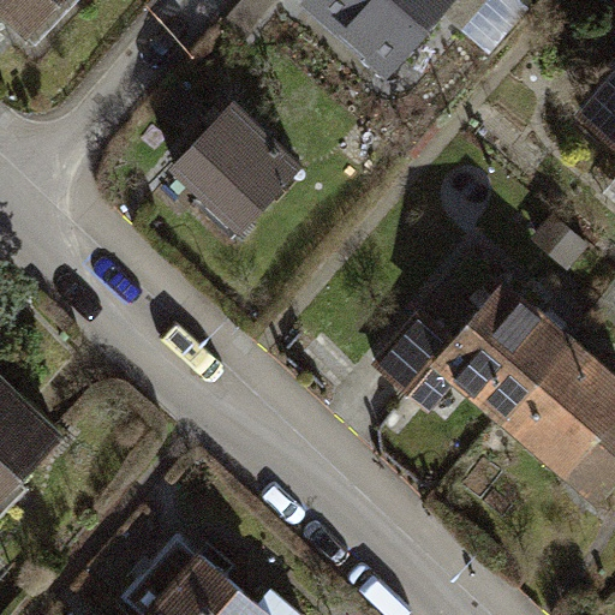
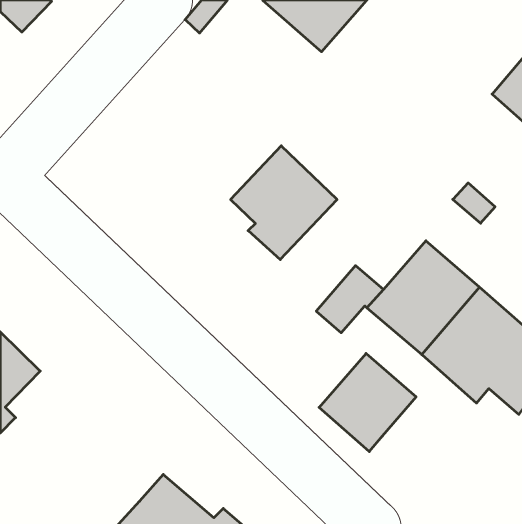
building: [172,106,295,238] -> [231,146,337,260]
building: none -> [319,353,416,452]

